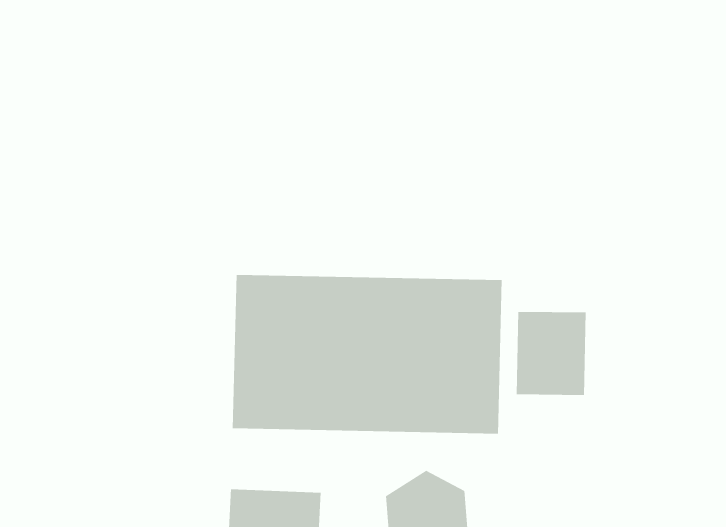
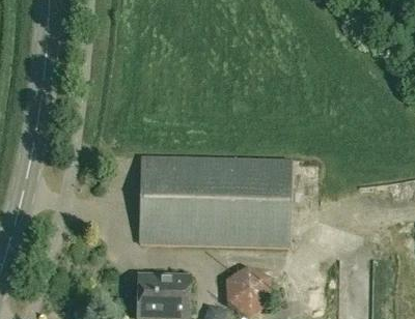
building: [516,311,587,396] -> none

